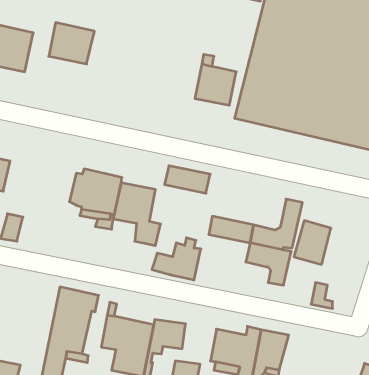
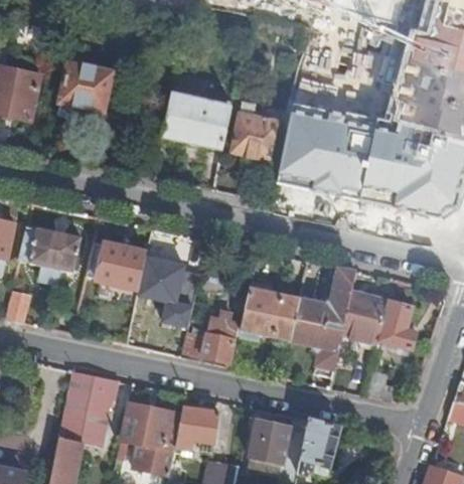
building: none -> [163,92,233,149]
building: none -> [20,228,82,285]
building: [165,166,210,193] -> [243,310,296,342]
building: none -> [380,303,418,351]

